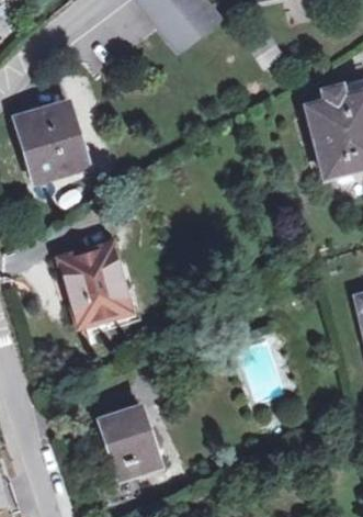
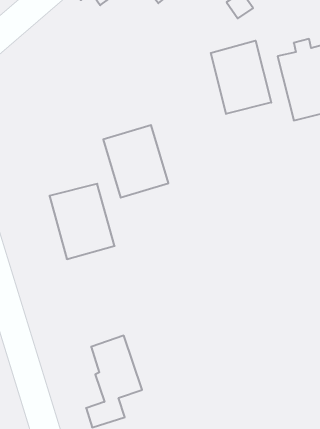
building: none -> [211,41,271,114]
building: [18,103,88,181] -> [103,125,168,198]

